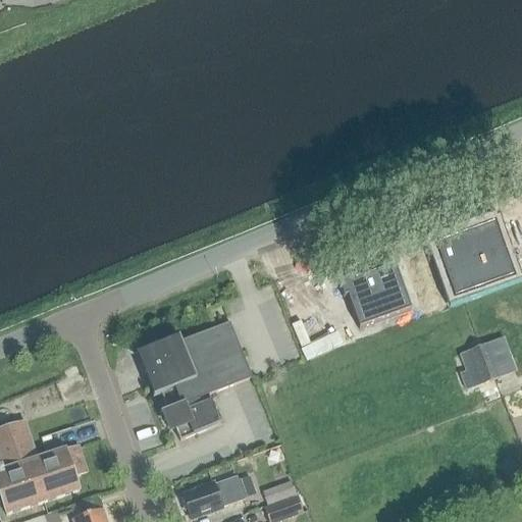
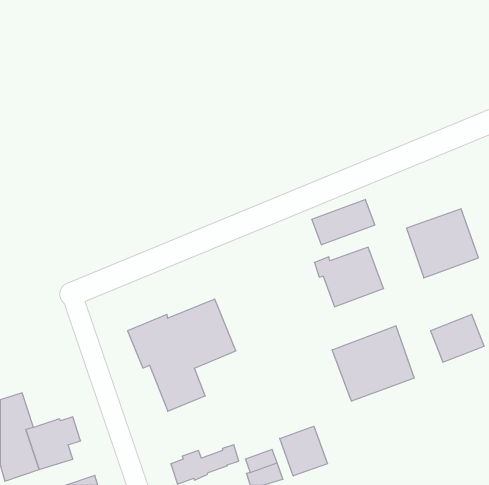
building: none -> [312,199,375,245]
building: none -> [332,326,414,401]
building: none -> [280,426,327,476]

